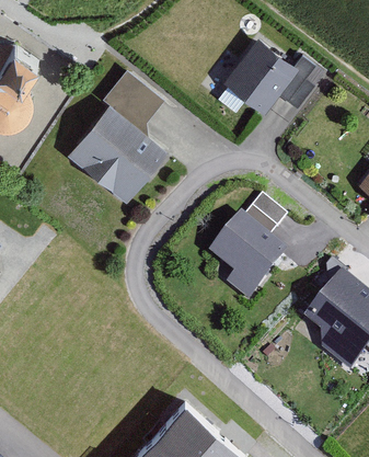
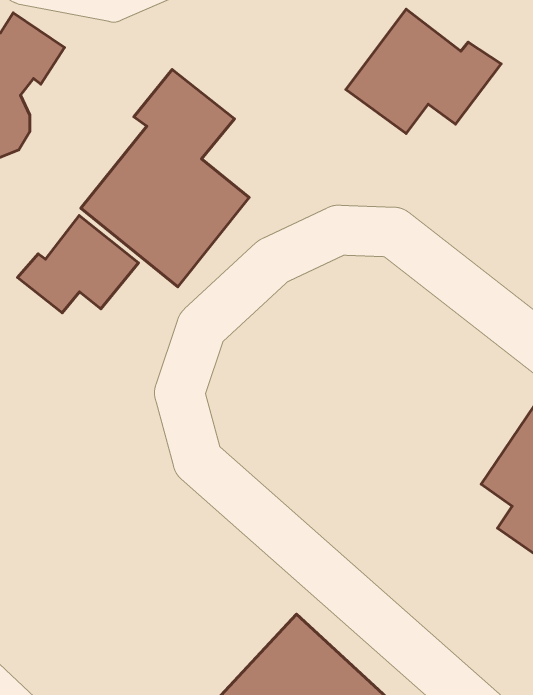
building: none -> [17,216,139,313]
building: [208,195,289,301] -> none

